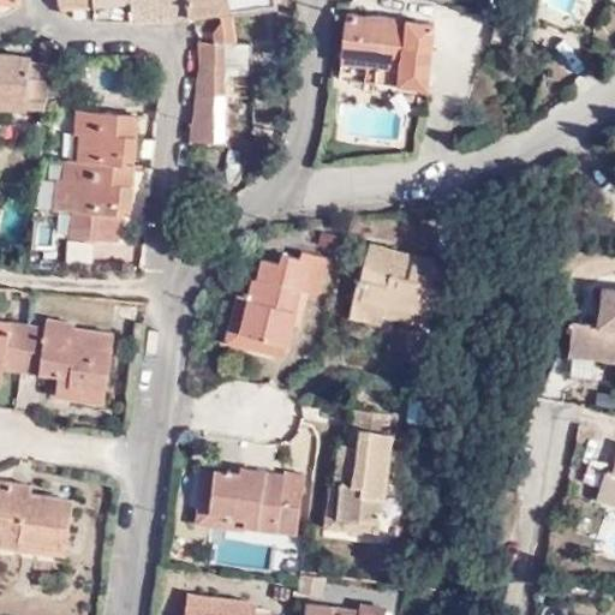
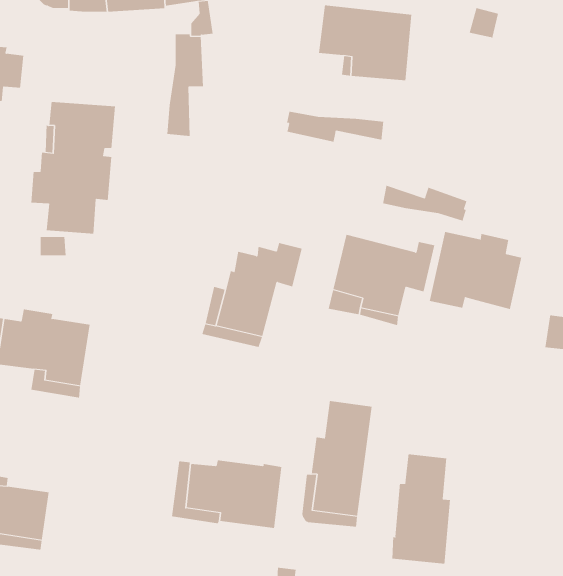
building: none -> [286,111,384,143]
building: none -> [382,185,467,221]
building: none -> [429,231,522,310]
building: none -> [392,454,451,564]

